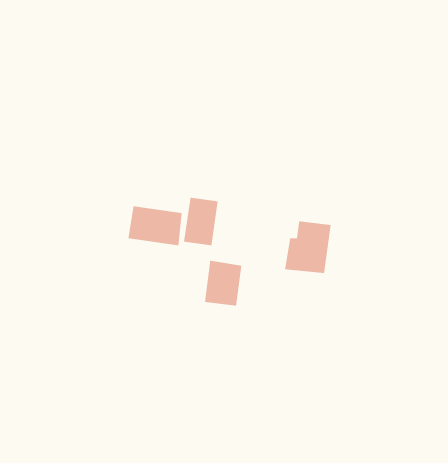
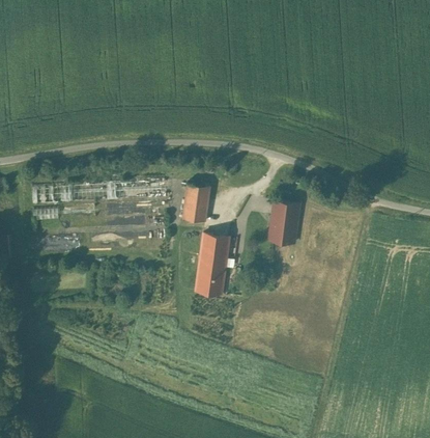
building: [128,206,182,246] -> none
building: none -> [196,268,225,295]

